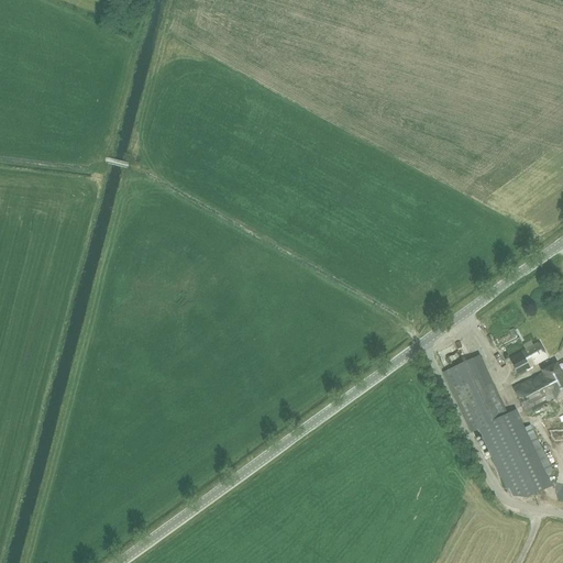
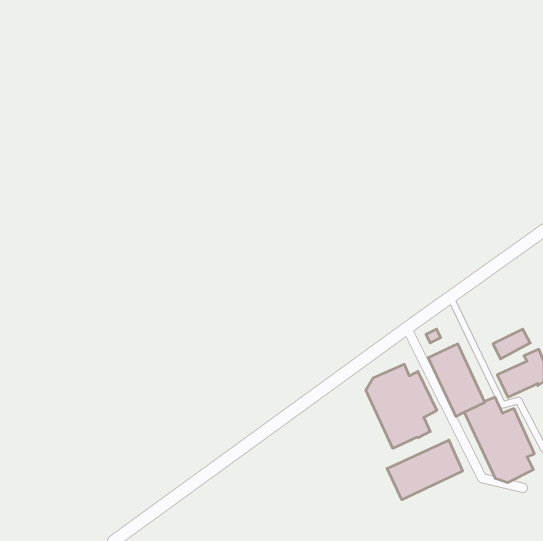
building: none -> [366,364,437,448]
building: none -> [387,440,463,500]

